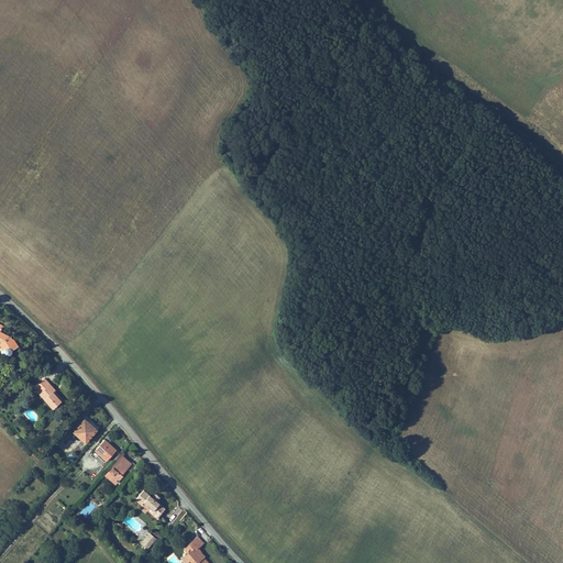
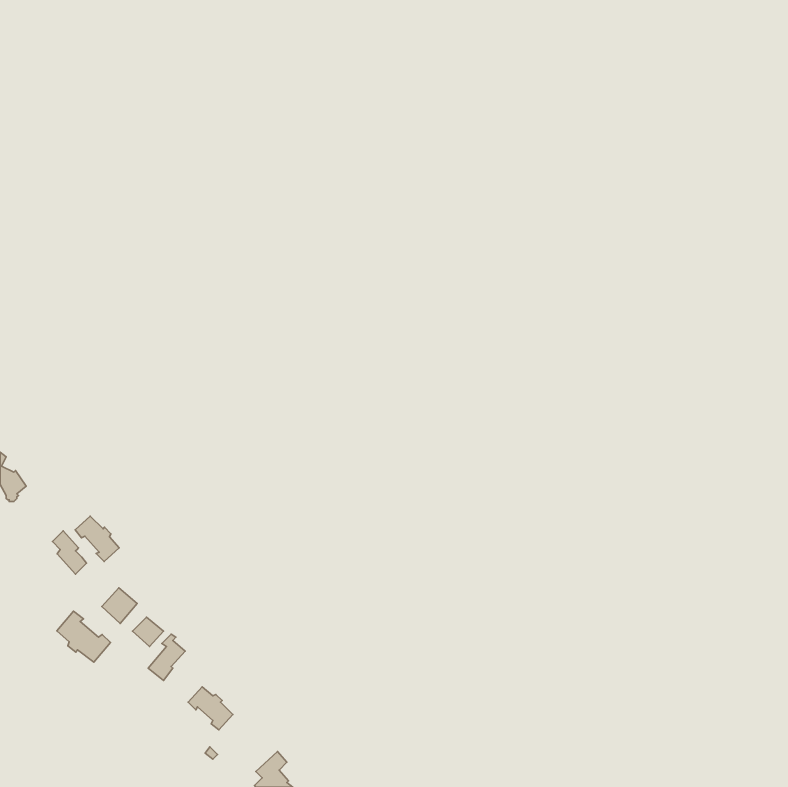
building: none -> [75,516,119,562]
building: none -> [57,611,110,662]

